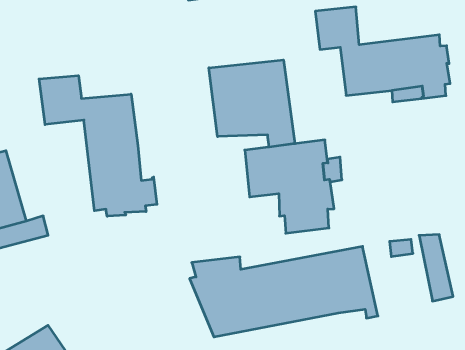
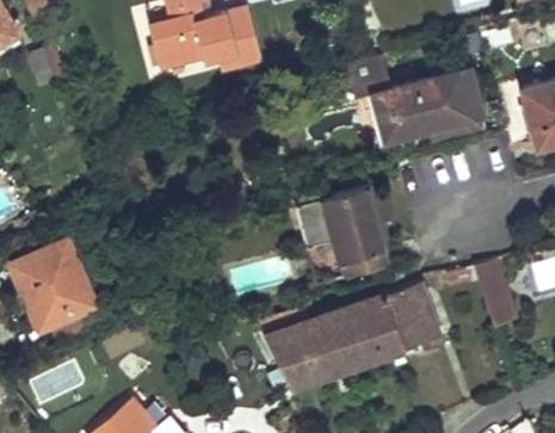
building: [209,60,295,147] -> none
building: [39,76,157,216] -> none

